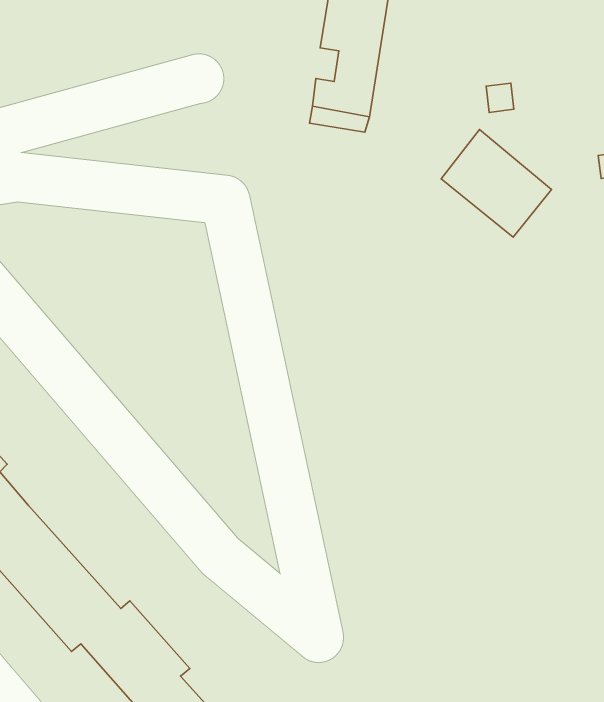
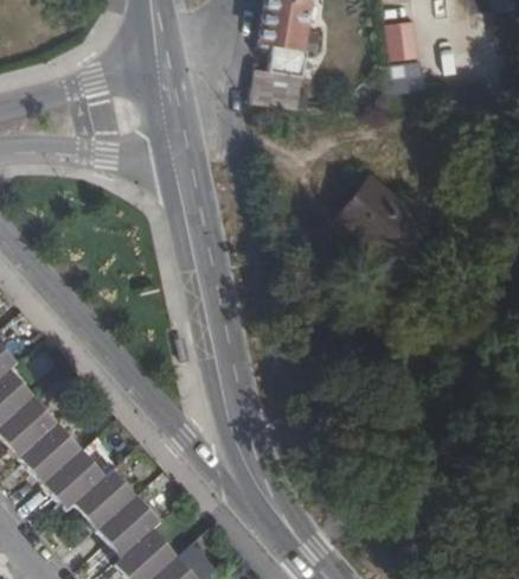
building: none -> [385,20,418,61]
building: [441,130,552,237] -> [340,177,425,260]

